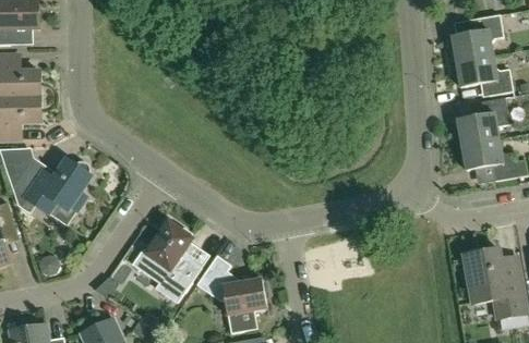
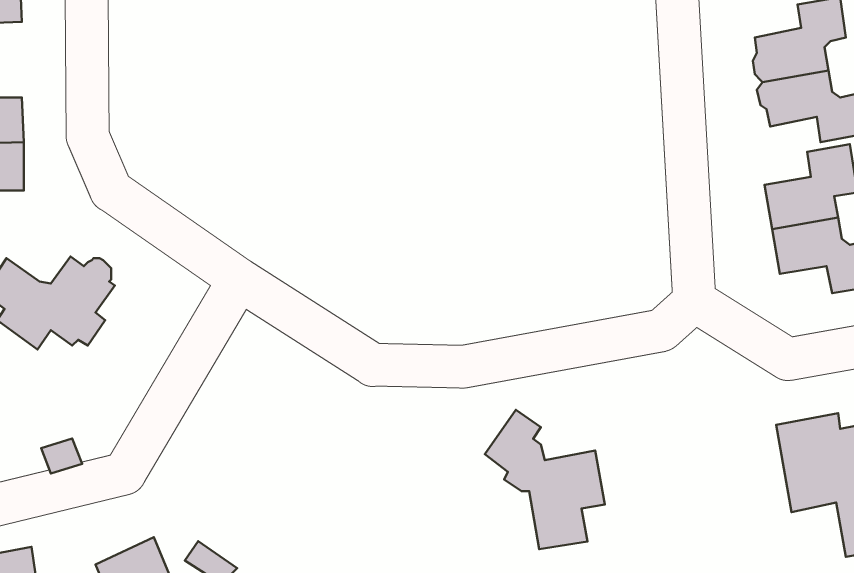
building: [133,220,197,295] -> none
building: [200,254,267,332] -> [485,410,605,549]

